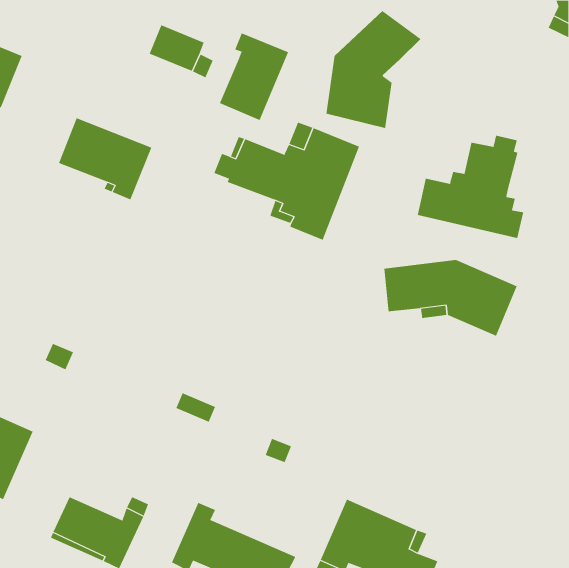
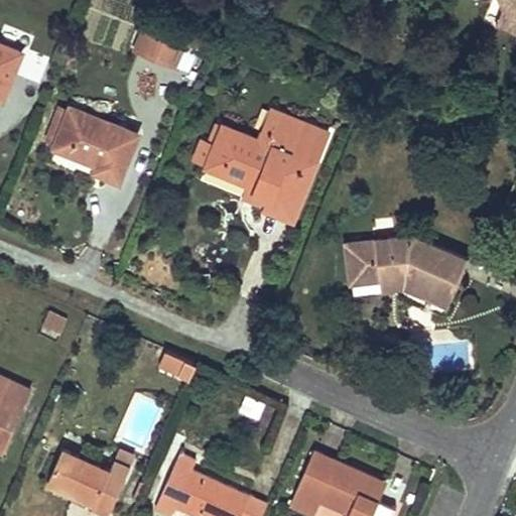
building: [326,10,421,129] -> none
building: [219,33,289,121] -> none
building: [417,135,524,239] -> none

